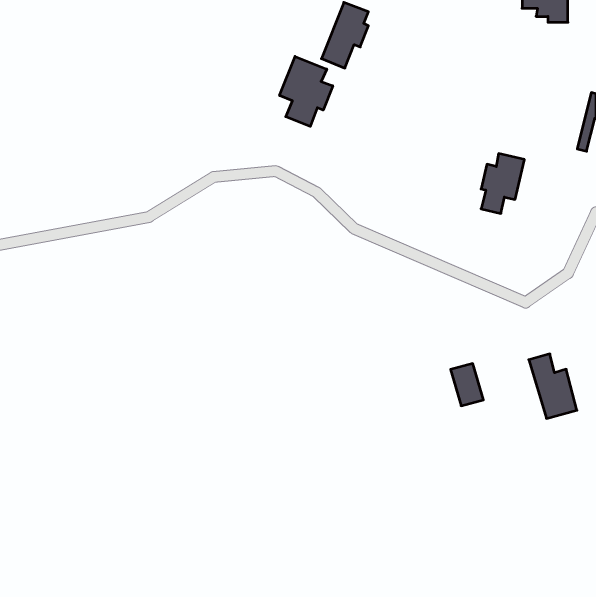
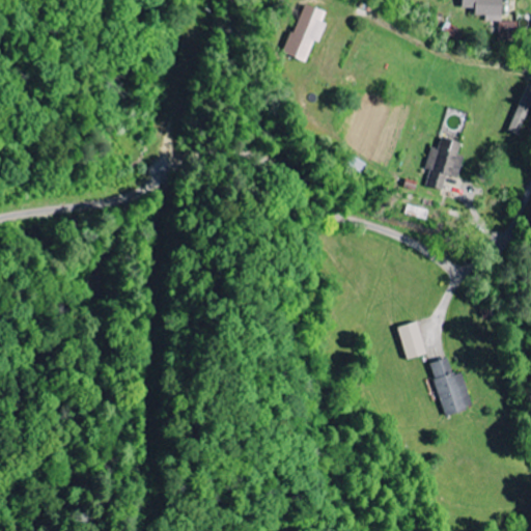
building: [280,56,333,126] -> none
building: [529,354,577,418] -> [429,358,472,415]

